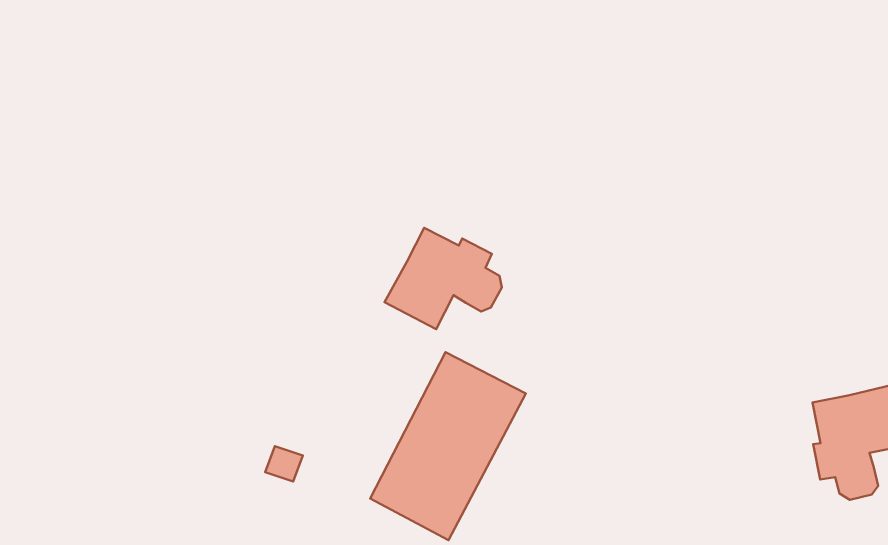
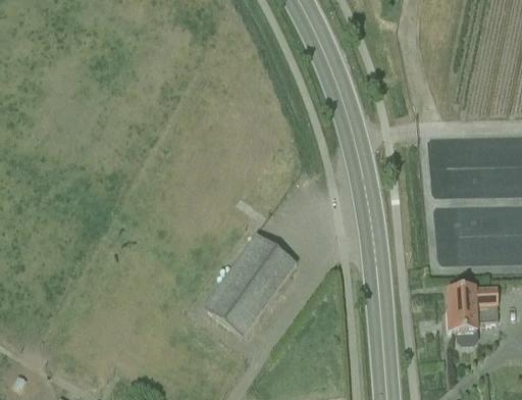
building: [385,228,502,329] -> none

